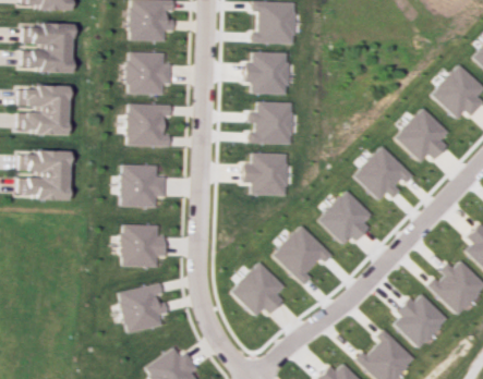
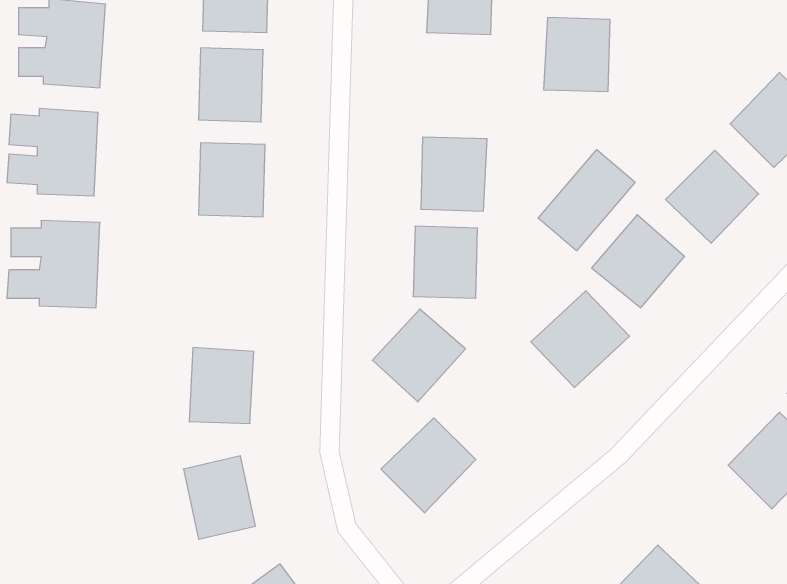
building: [251,51,289,94] -> [544,18,610,92]
building: none -> [538,150,635,251]
building: [121,164,158,207] -> none
building: [273,225,326,279] -> [372,309,465,402]
building: [394,292,449,349] -> none

